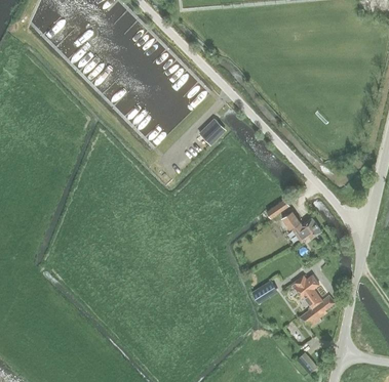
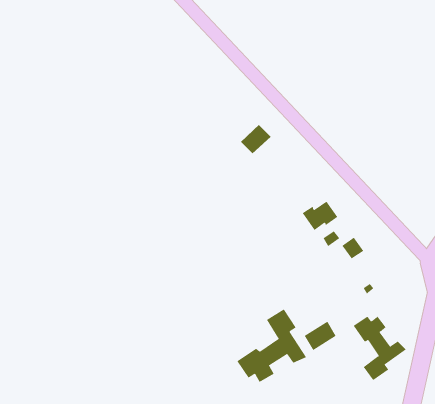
building: [291,217,321,242] -> [302,201,338,231]
building: none -> [236,309,307,383]

